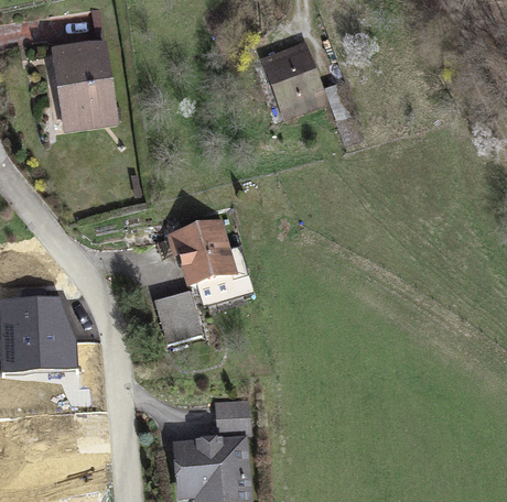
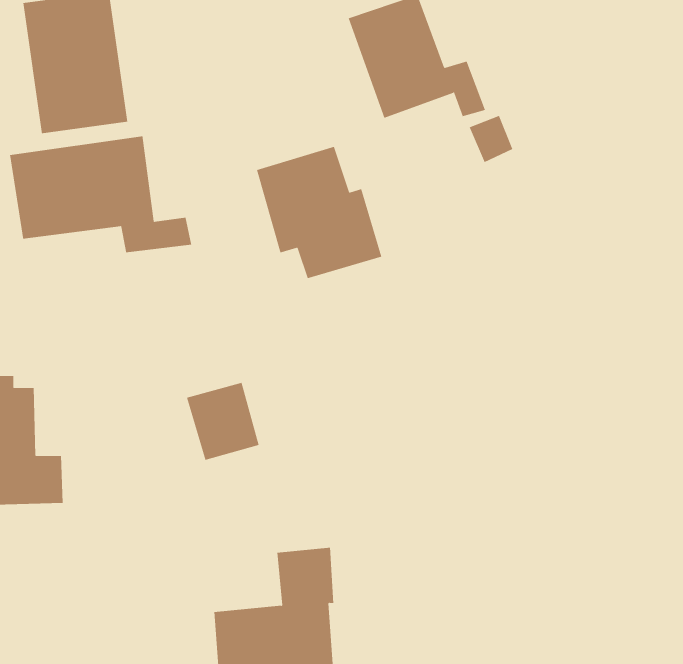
building: none -> [10,136,192,253]
building: [170,220,251,306] -> [256,146,382,279]

